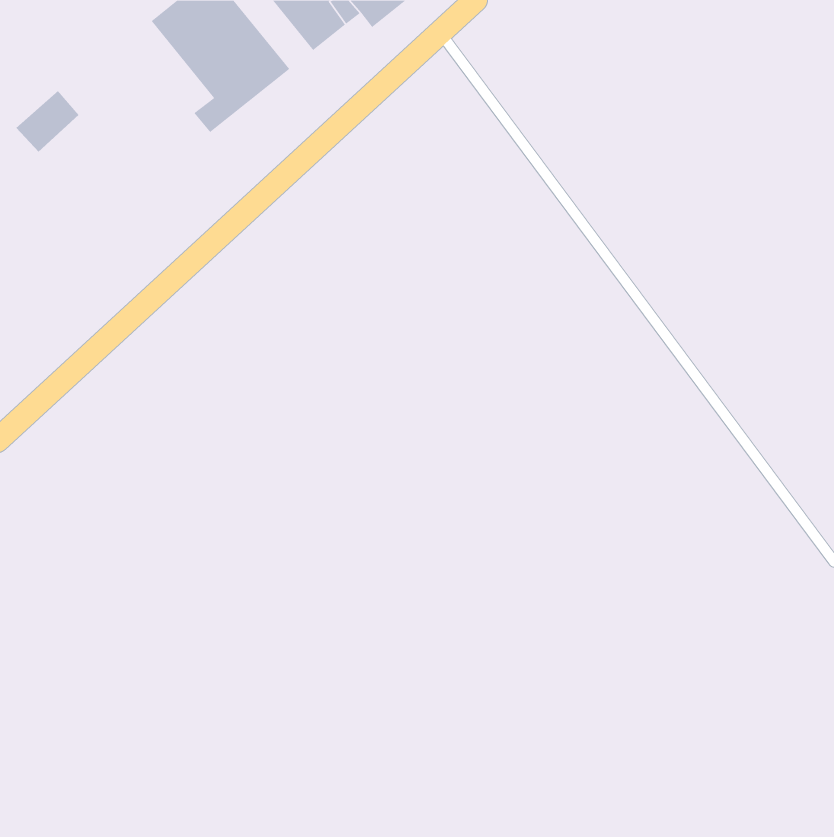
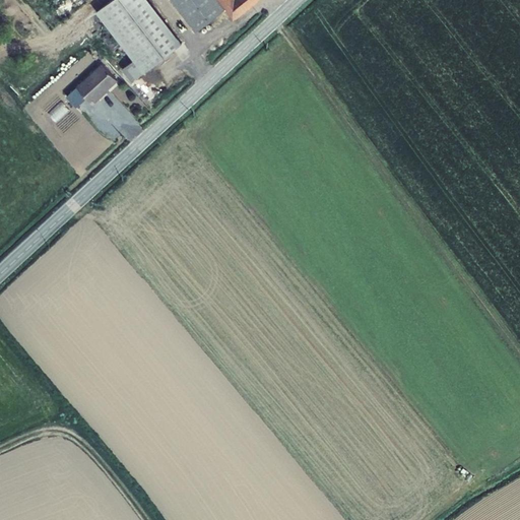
building: [16,90,79,152] -> [76,66,116,105]

